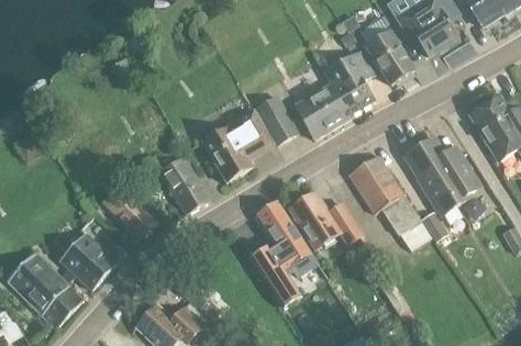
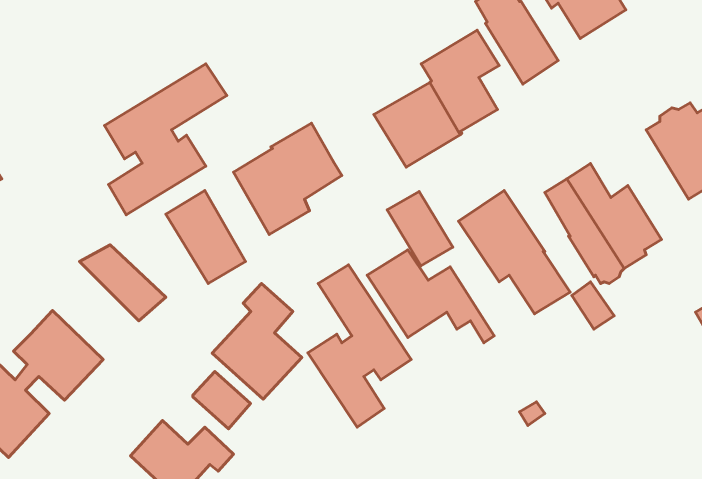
building: none -> [104,64,227,215]
building: [255,97,298,145] -> [387,191,453,266]
building: none -> [212,284,302,399]

